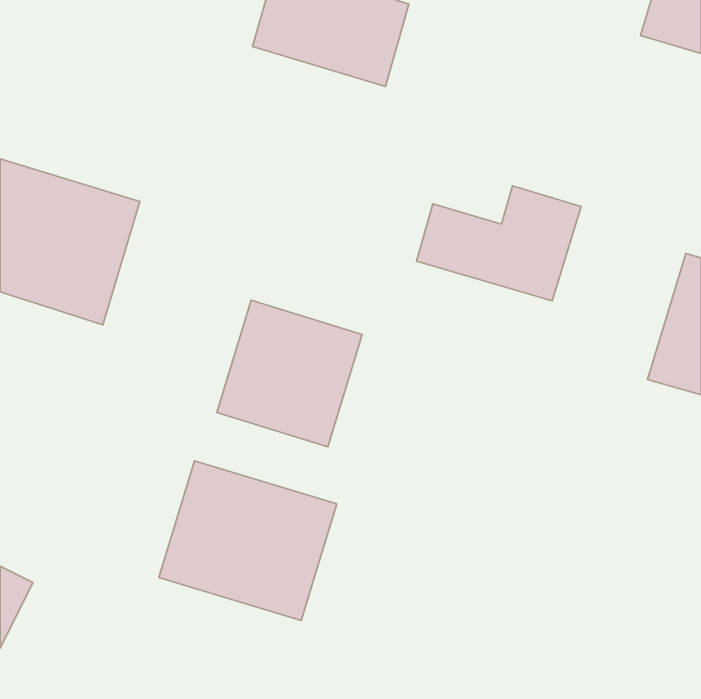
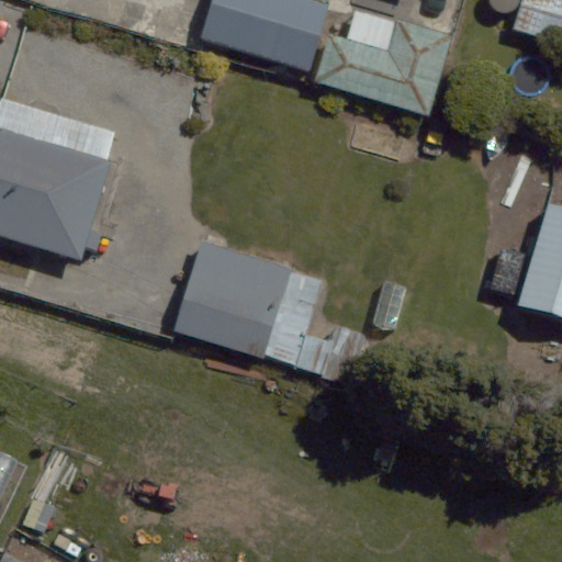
building: [416,186,581,301] -> [319,19,451,111]
building: [159,461,337,620] -> none

